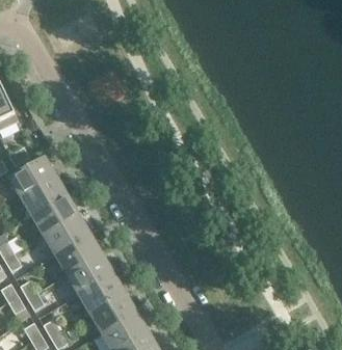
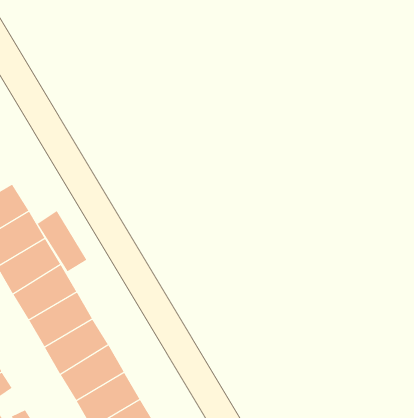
building: none -> [37,210,87,272]

